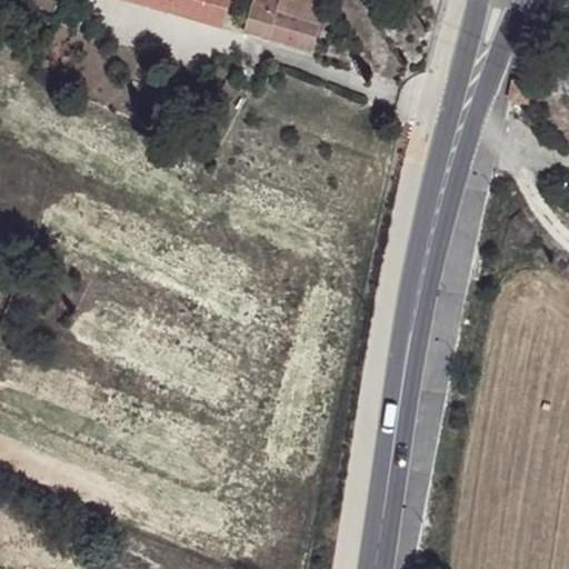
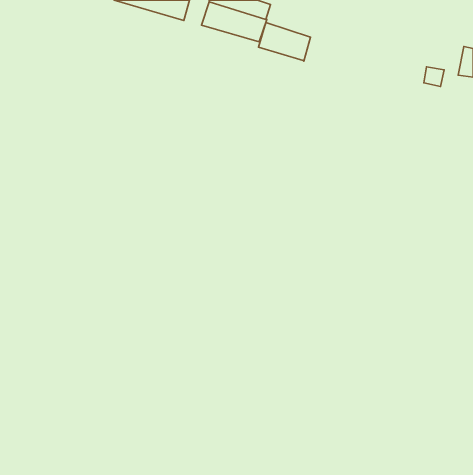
building: none -> [258,23,311,61]

